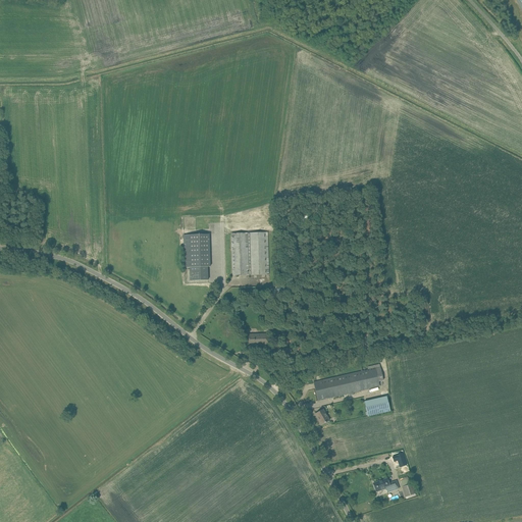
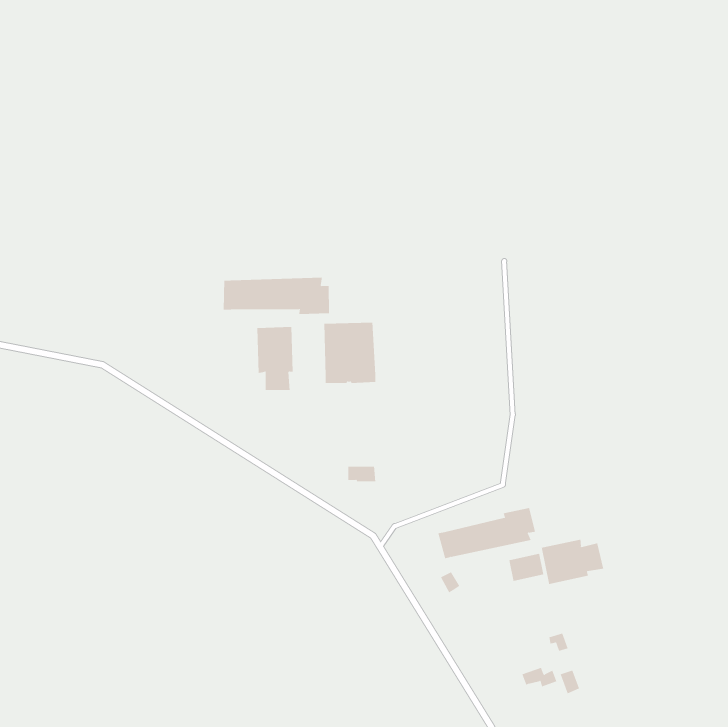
building: none -> [223,277,330,315]
building: none -> [541,539,604,585]

